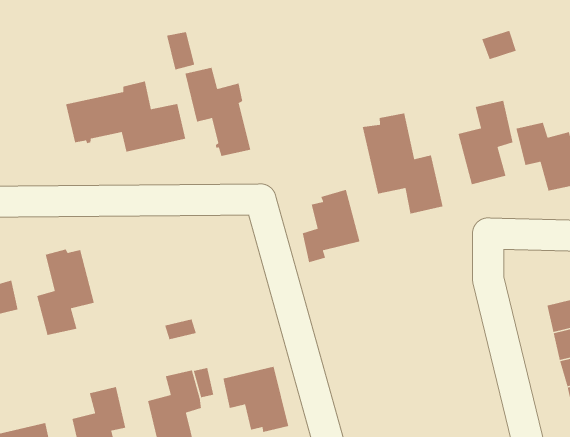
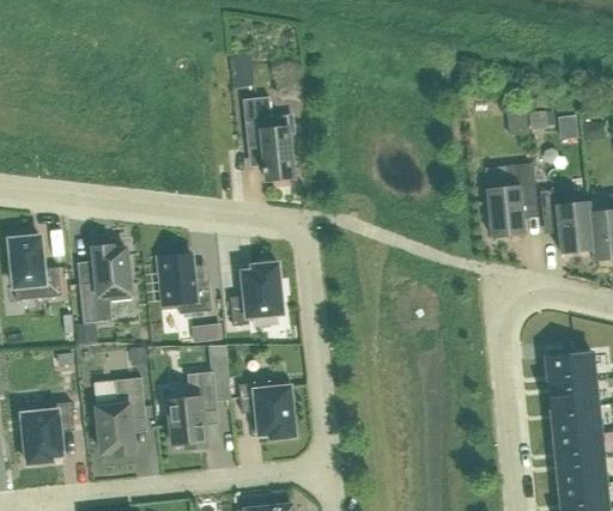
building: [65,80,186,152] -> none
building: [362,112,443,214] -> none
building: [302,189,360,263] -> [230,262,283,326]
building: none -> [158,249,212,314]

